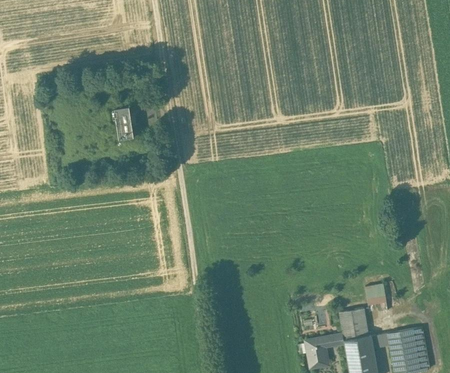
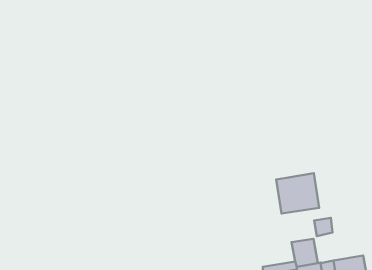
building: [117,107,139,141] -> none
building: none -> [276,173,319,214]

